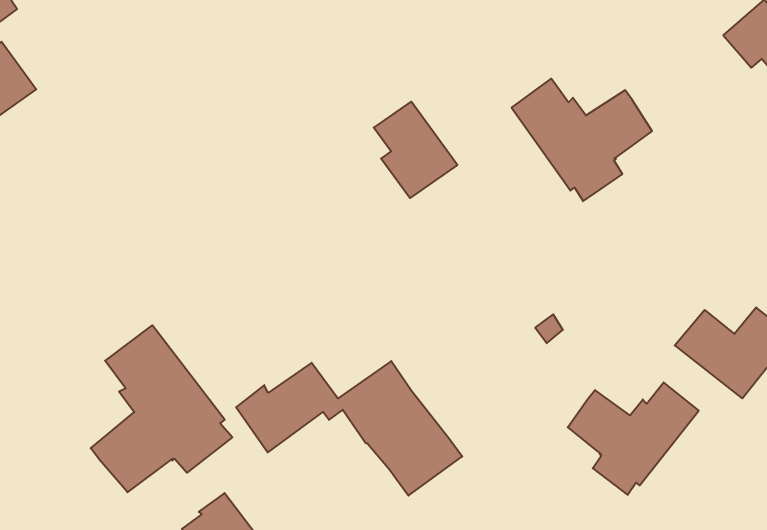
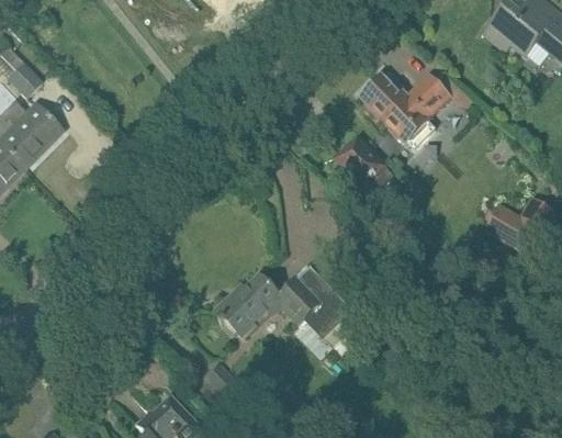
building: [374,102,457,198] -> [337,136,393,196]
building: [91,325,232,492] -> none
building: [568,382,699,495] -> none

